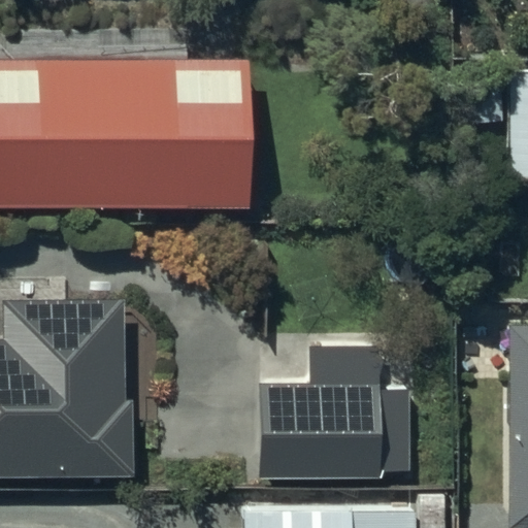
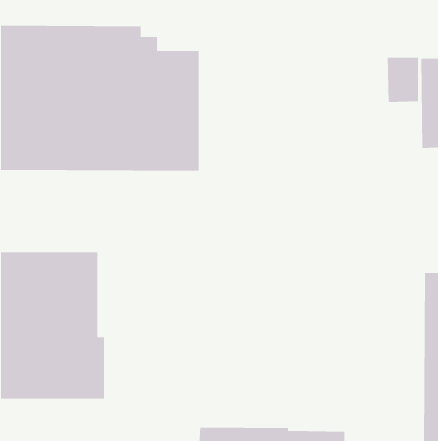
building: [261,350,412,481] -> none

